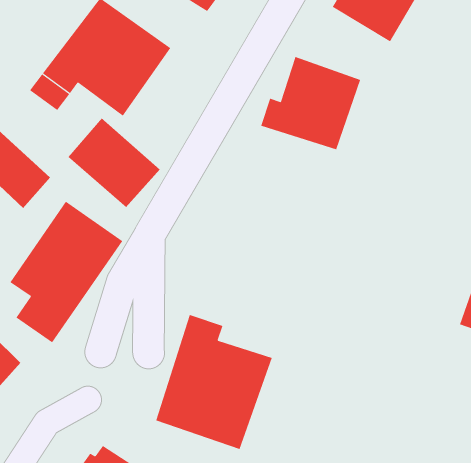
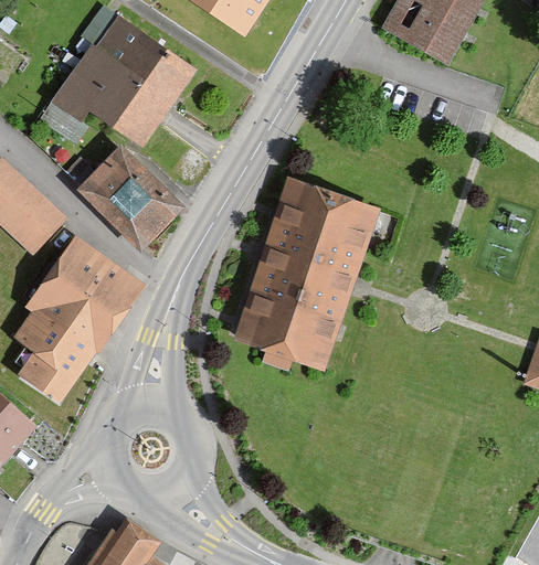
building: [260,56,361,150] -> none
building: none -> [234,178,379,369]
building: [156,314,272,450] -> none

